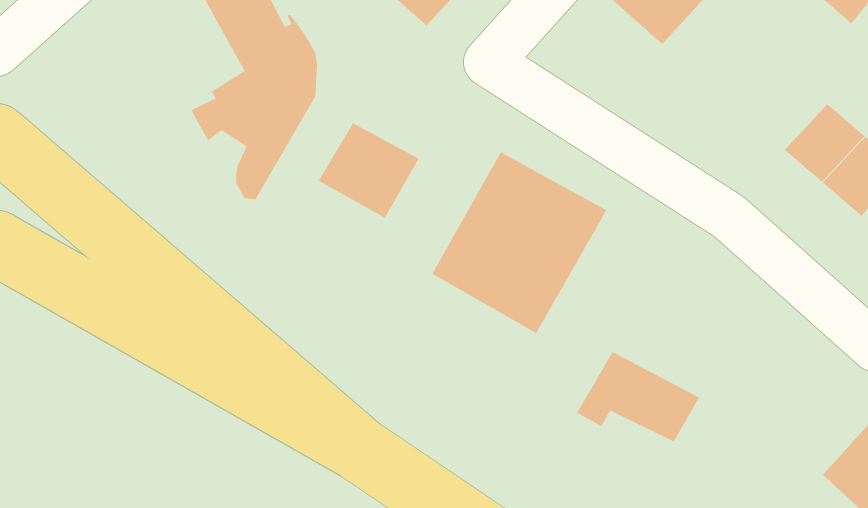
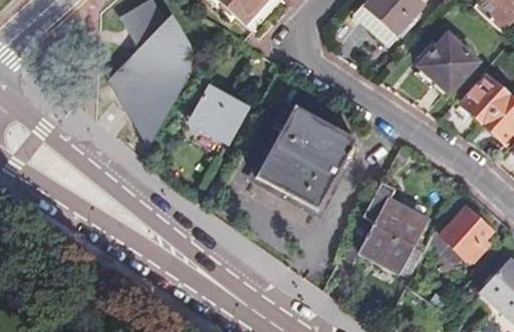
building: none -> [420,34,478,91]
building: none -> [360,182,427,247]
building: none -> [436,193,492,264]

